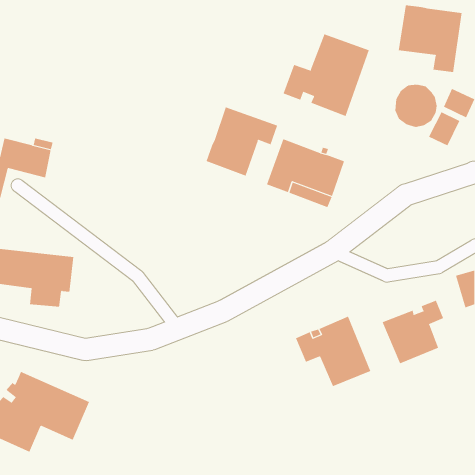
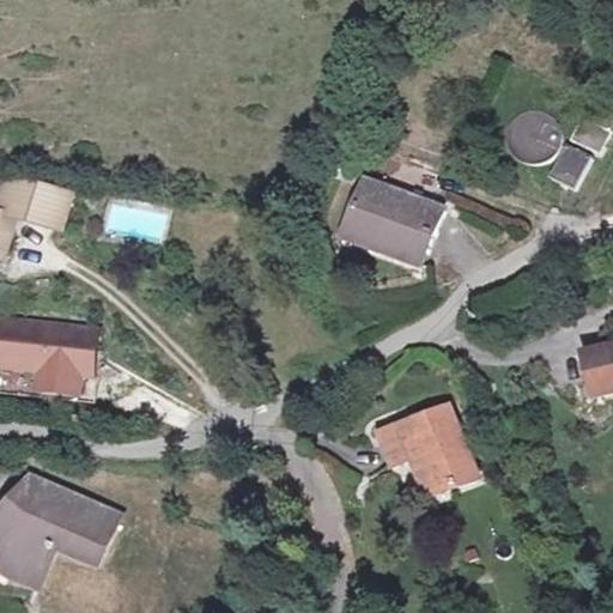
building: [398,4,462,73] -> none
building: [283,33,370,117] -> none
building: [206,106,278,176] -> none
building: [382,300,444,364] -> none

